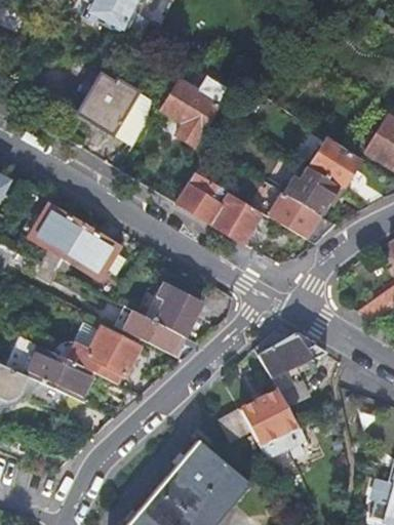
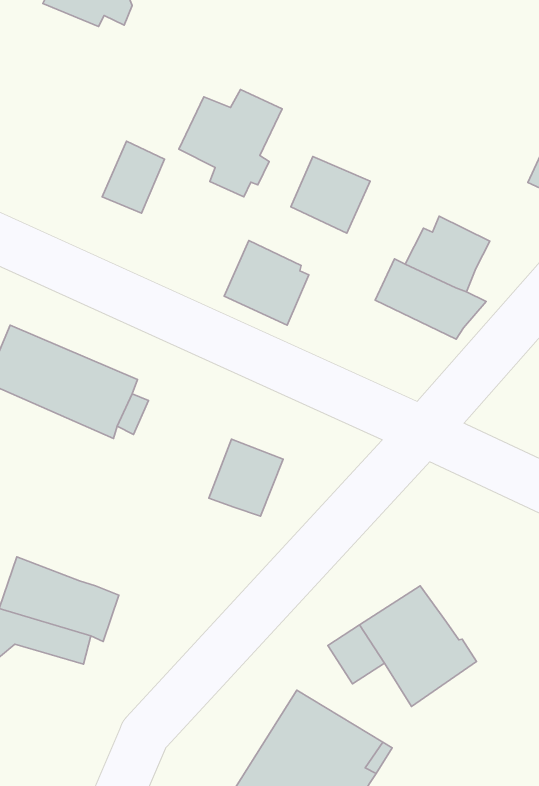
building: [74,81,131,132] -> none
building: [306,133,357,185] -> none
building: [212,193,262,241] -> [291,157,370,233]
building: [127,311,184,355] -> none
building: [80,327,137,383] -> none
building: [257,333,326,410] -> none

